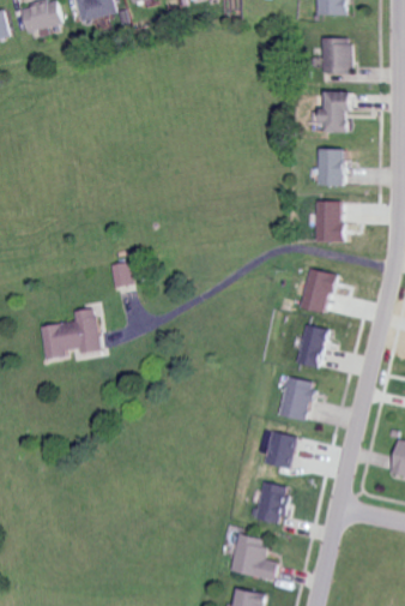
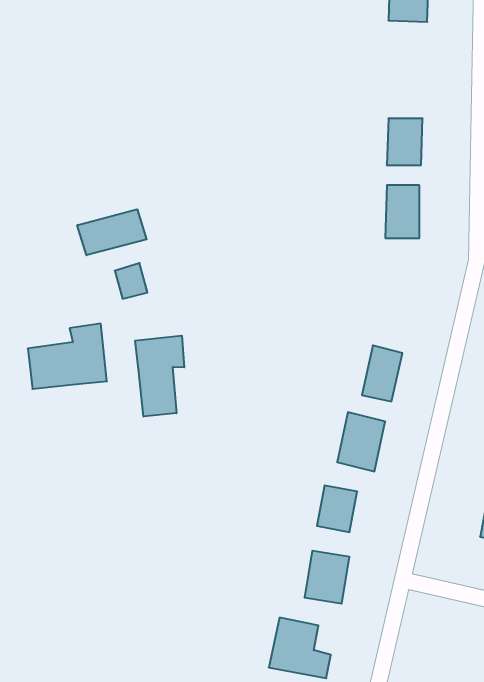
building: [319,91,351,133] -> none
building: none -> [77,209,147,255]
building: [302,269,339,312] -> none
building: none -> [135,336,184,417]

